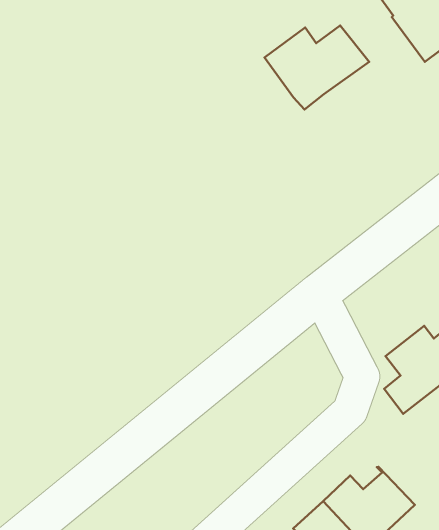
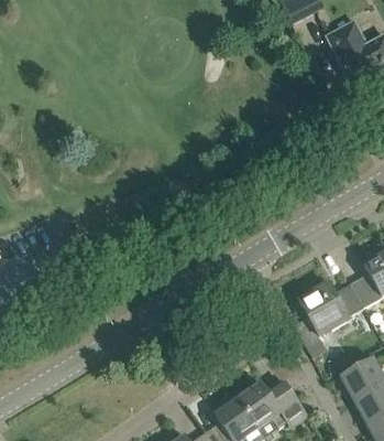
building: [264,26,369,109] -> none

